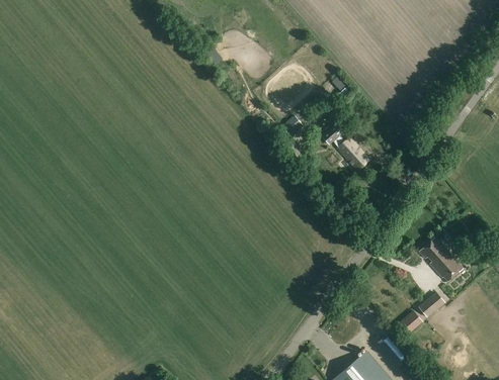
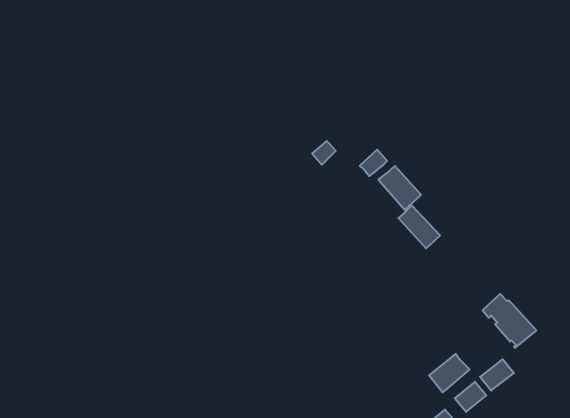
building: none -> [398,205,440,248]
building: none -> [429,354,469,392]

